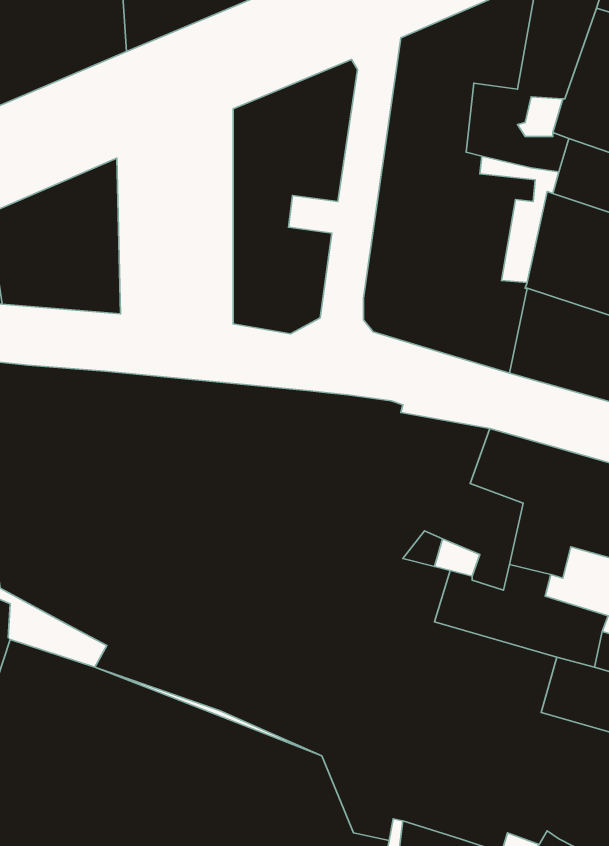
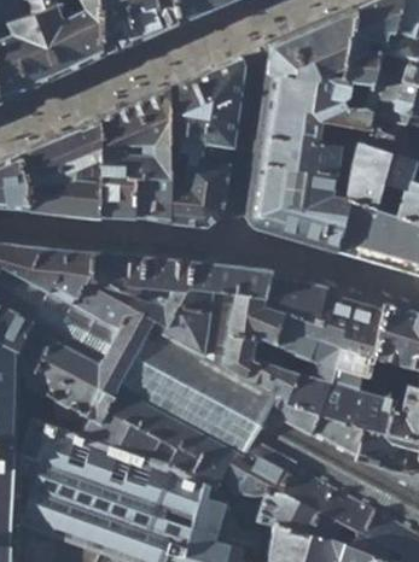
building: none -> [94,90,165,222]

